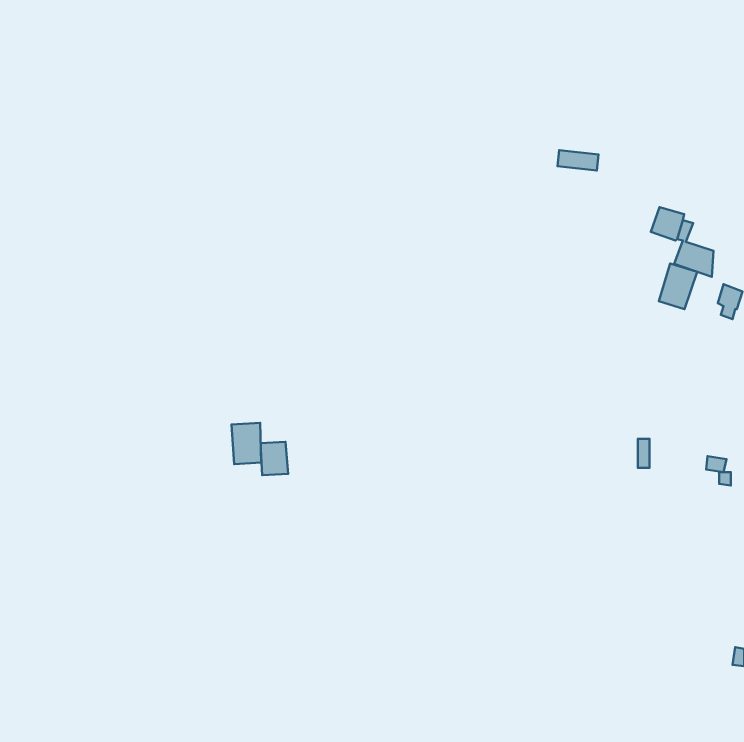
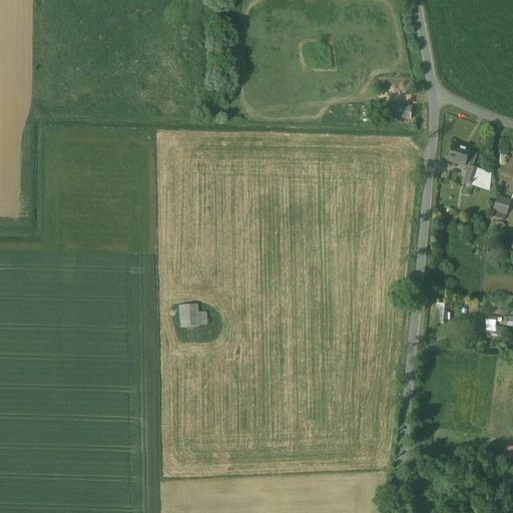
building: [659,264,697,309] -> none
building: [231,423,261,464] -> none

